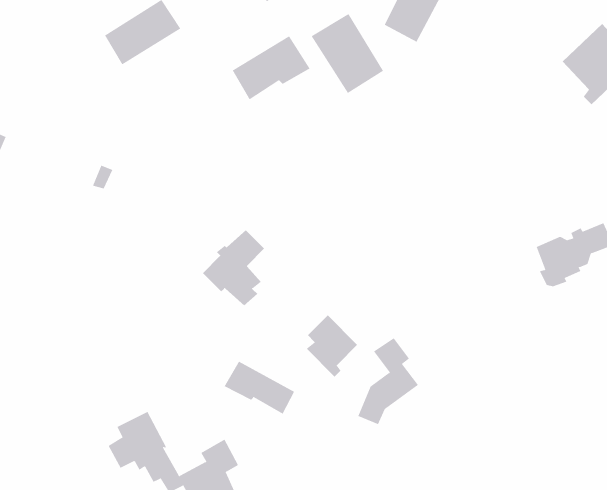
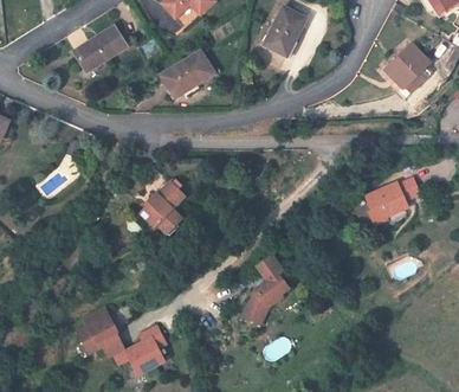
building: [311,13,384,94] -> none
building: [306,314,358,377] -> none
building: [224,361,295,414] -> none

